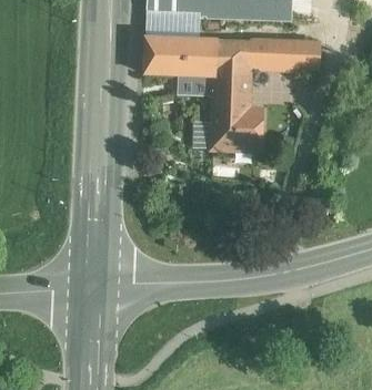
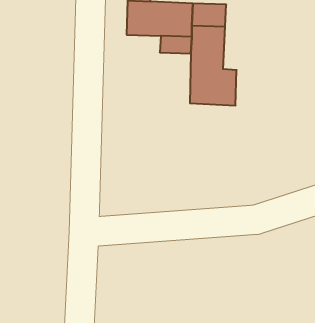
building: [250,39,319,64] -> none

